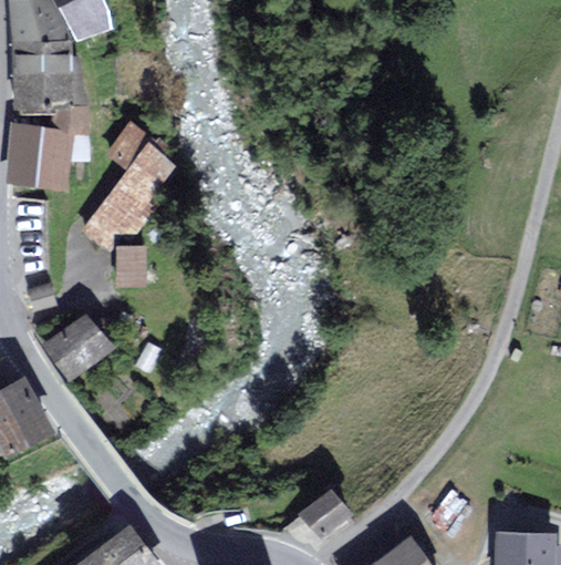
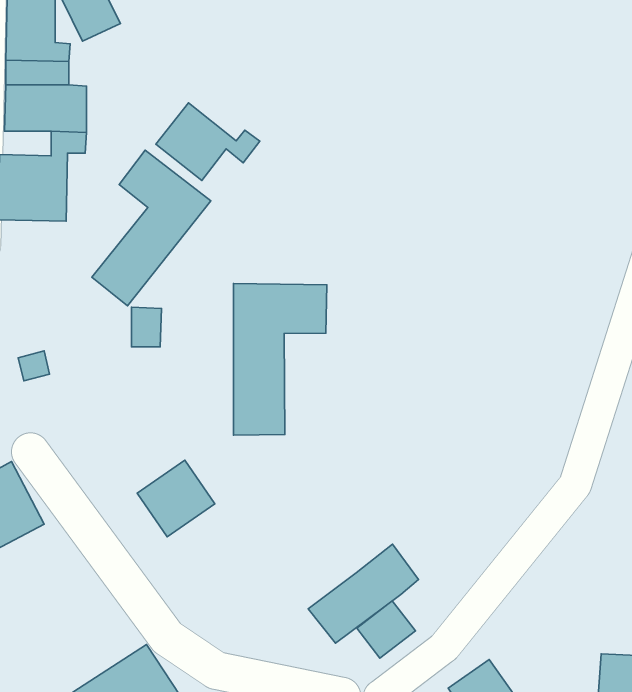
building: none -> [156,103,260,180]
building: none -> [234,284,327,435]
building: [46,322,110,384] -> [137,460,215,537]
building: none -> [308,544,418,643]

